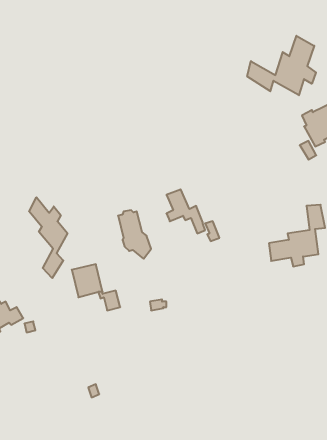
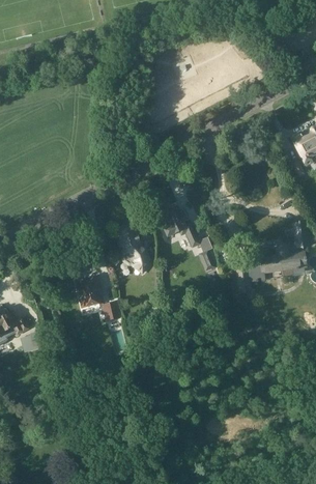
building: [247,36,316,95] -> none
building: [29,197,67,278] -> none

